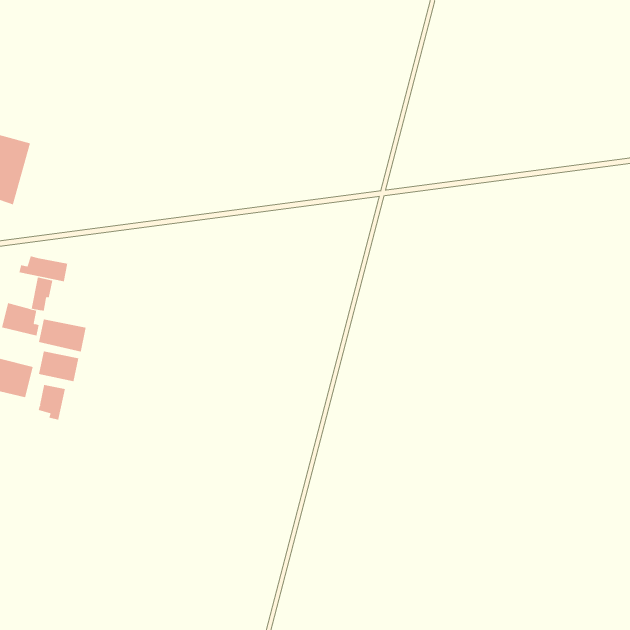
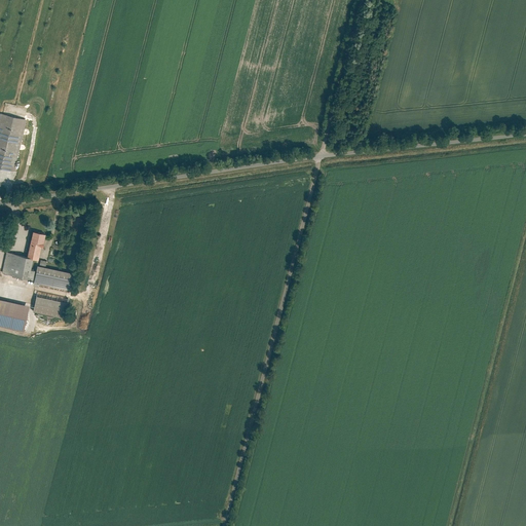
building: [19,256,68,282] -> none
building: [38,384,66,421] -> none

